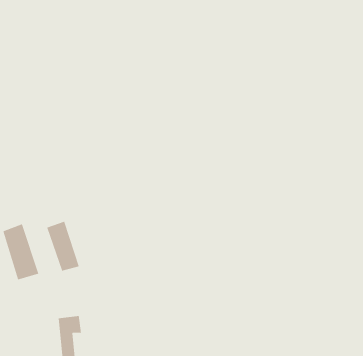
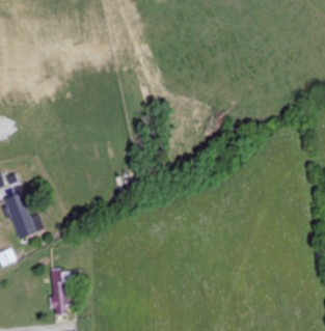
building: [47,221,79,272] -> none

